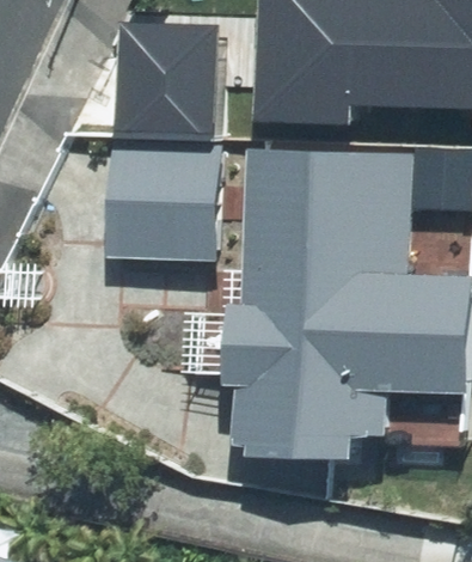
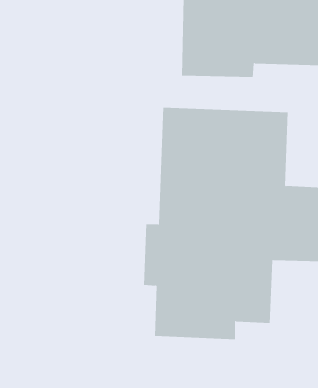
building: [127,16,227,121] -> none
building: [118,138,228,248] -> none

